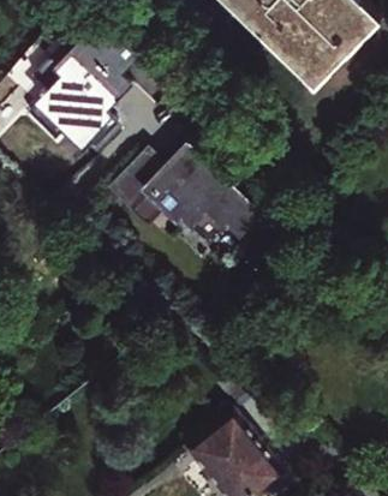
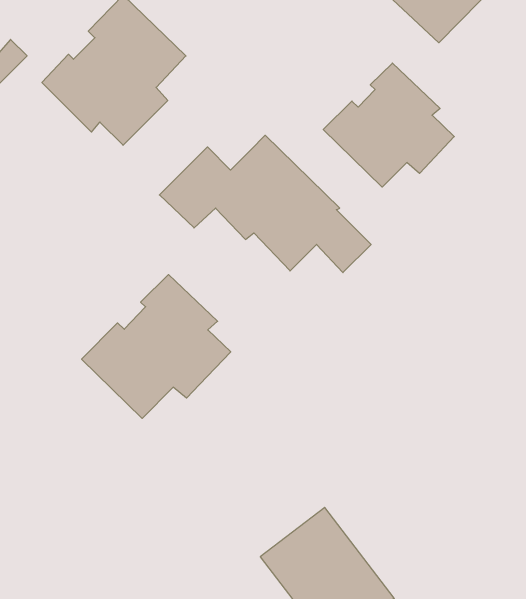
building: none -> [323,63,454,187]
building: none -> [82,275,231,418]

